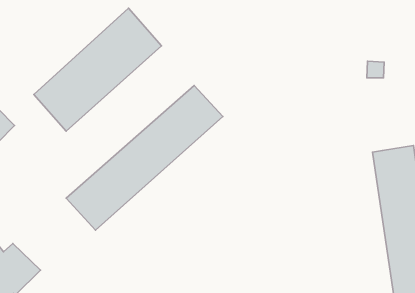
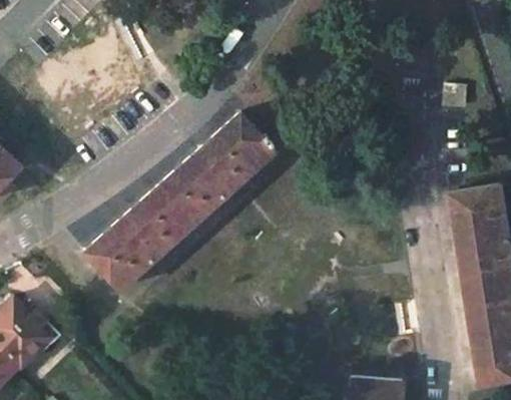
building: [34,8,162,131] -> none

